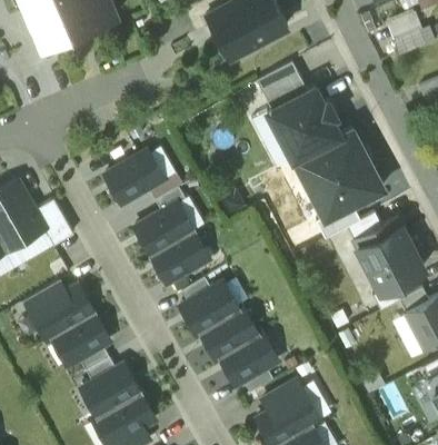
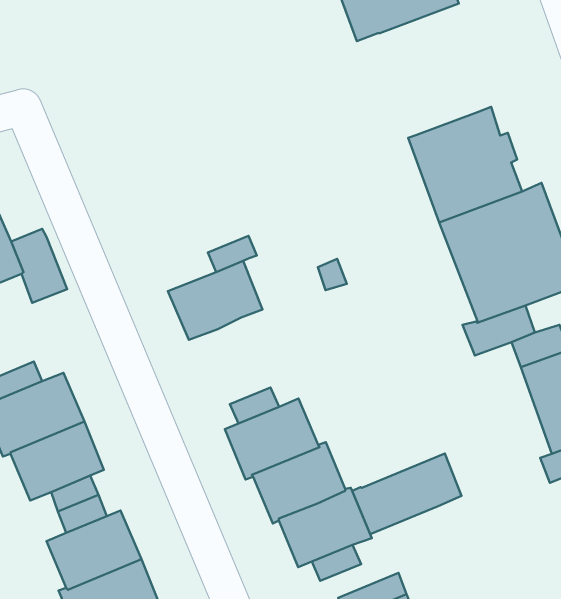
building: [257,66,308,113] -> none
building: [106,151,165,205] -> none
building: [151,231,210,284] -> none
building: none -> [352,454,461,534]

